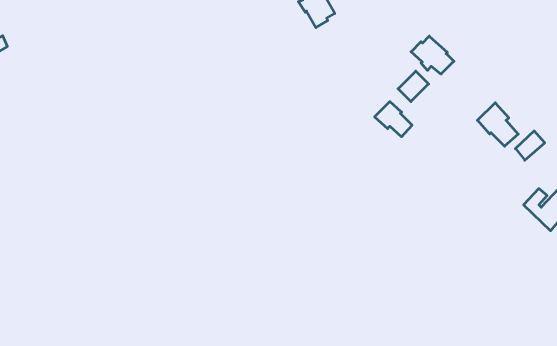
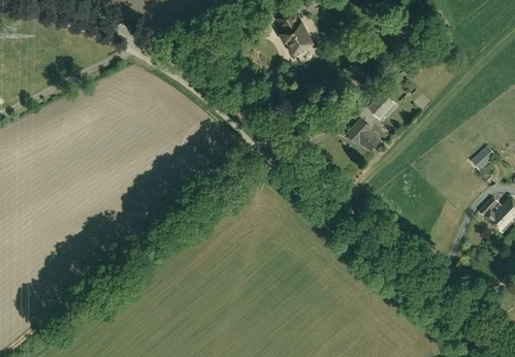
building: [411,36,454,74] -> none
building: [477,103,518,146] -> none

